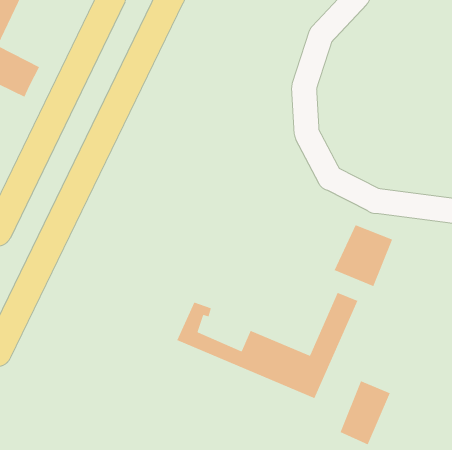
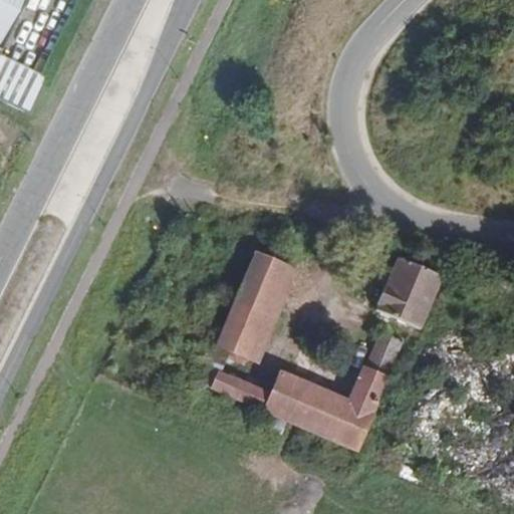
building: none -> [219,248,292,352]
building: [340,380,391,446] -> none

